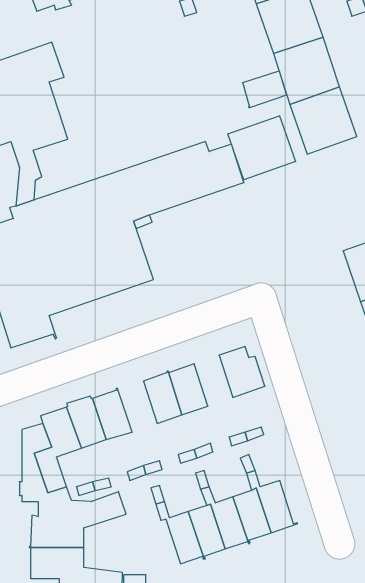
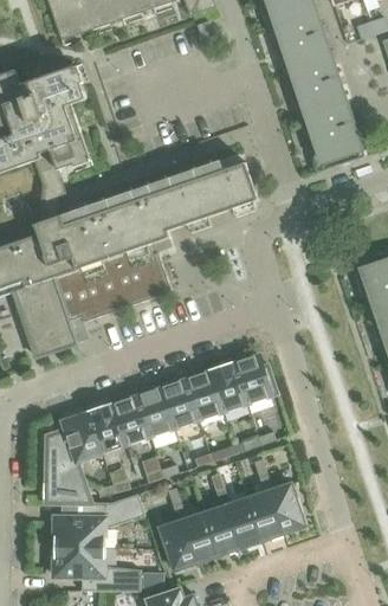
building: [243,71,287,108] -> none
building: [228,116,296,180] -> none
building: none -> [209,360,247,411]
building: none -> [137,387,175,436]
building: none -> [161,518,198,572]

